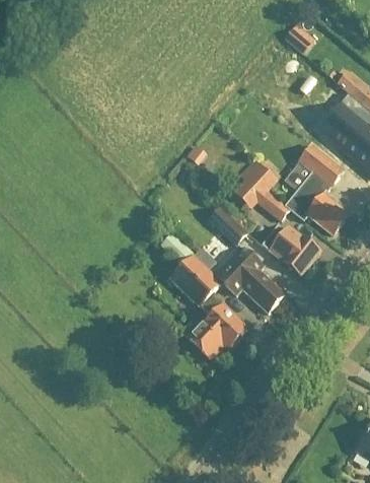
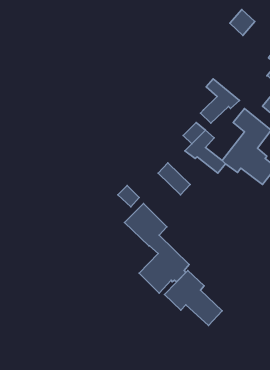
building: none -> [201,79,240,123]
building: [262,225,319,274] -> none
building: [215,248,283,313] -> [164,270,222,326]

